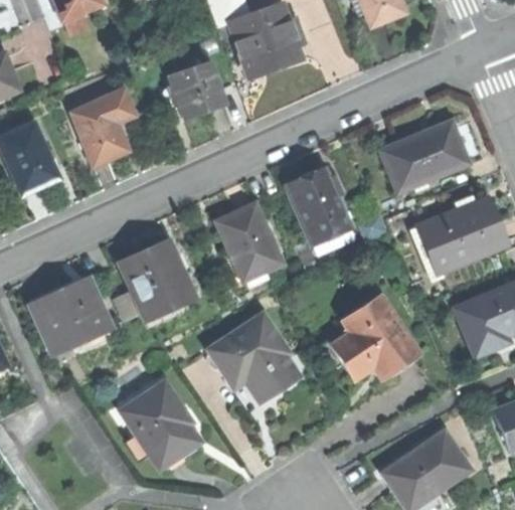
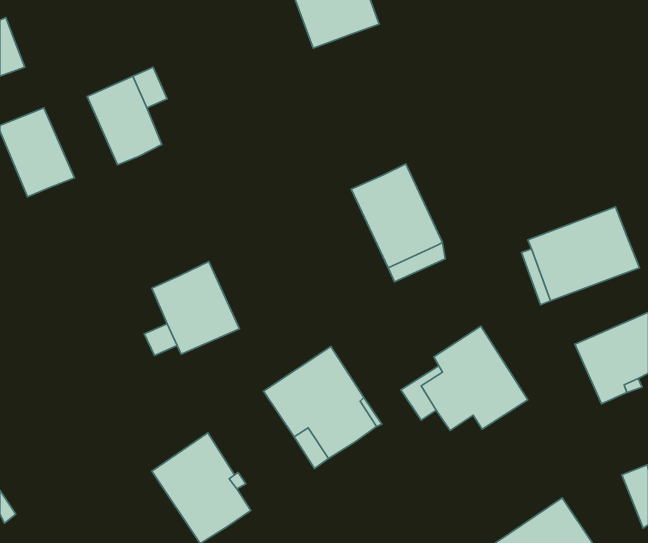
building: [170,60,226,119] -> none
building: [380,129,469,194] -> none
building: [216,205,282,281] -> none
building: [30,280,109,354] -> none

